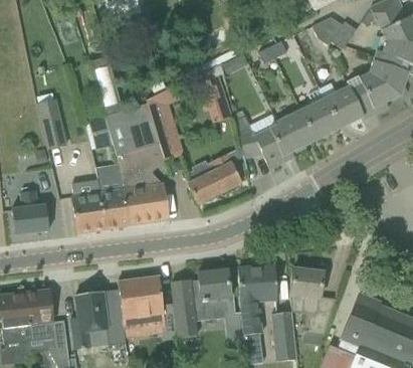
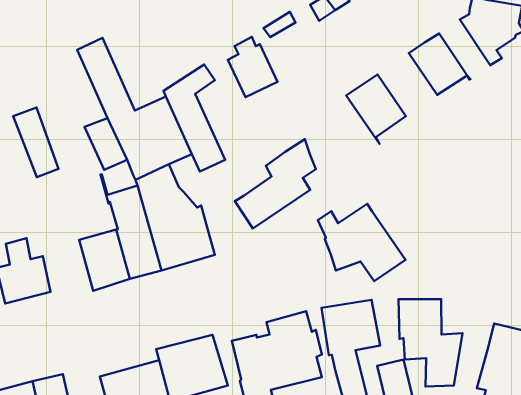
building: [347,75,380,119] -> none
building: [299,87,340,139] -> none
building: [236,113,294,168] -> [318,204,406,281]

